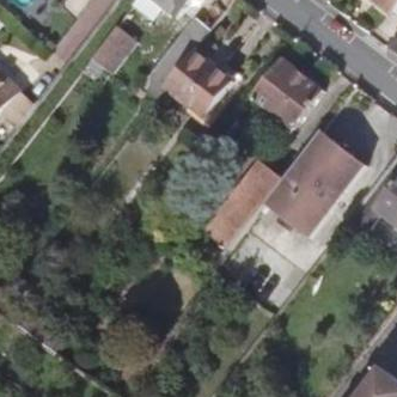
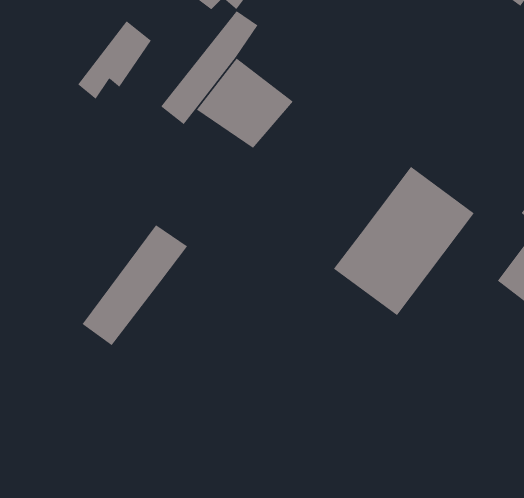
building: [252,59,320,128] -> none
building: [204,160,280,246] -> [82,224,188,346]

